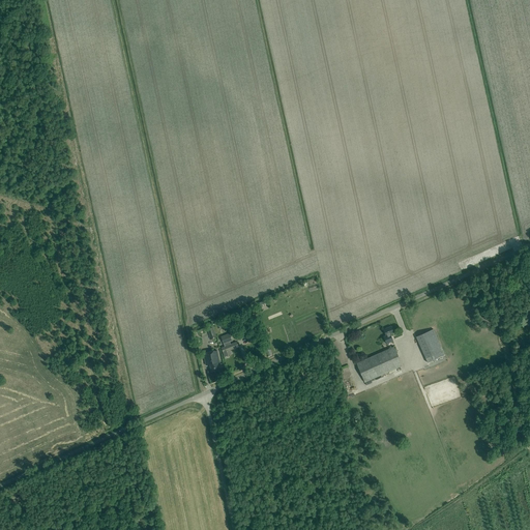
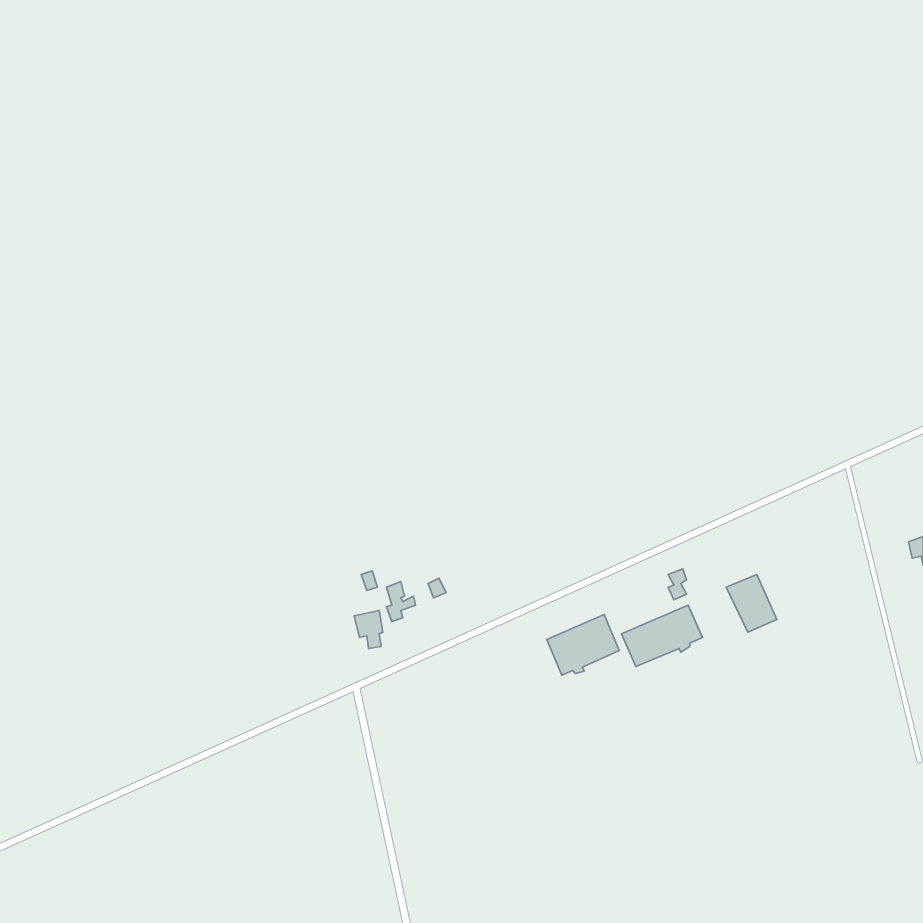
building: none -> [547,615,619,675]

